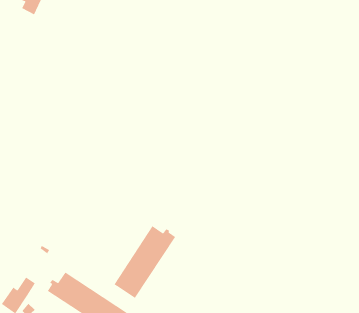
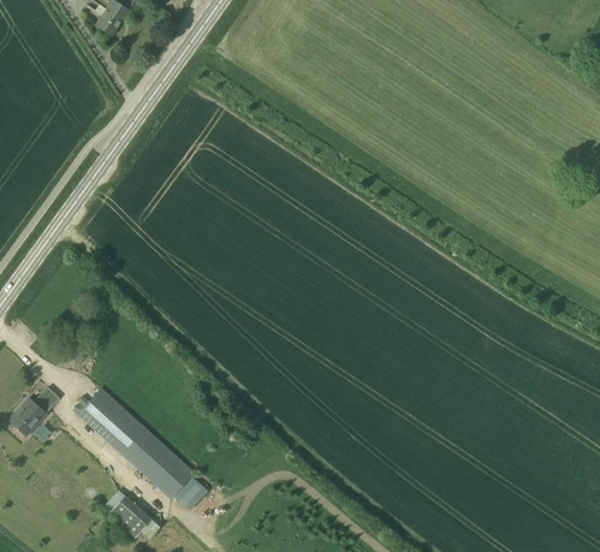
building: [113,225,176,299] -> none

